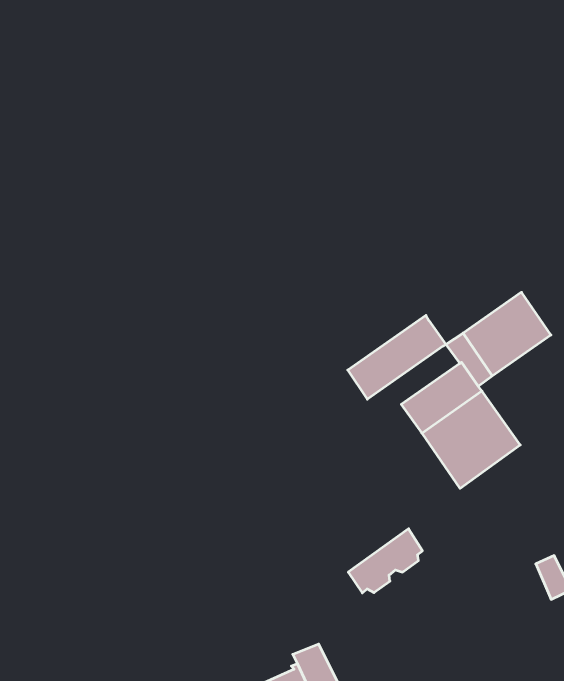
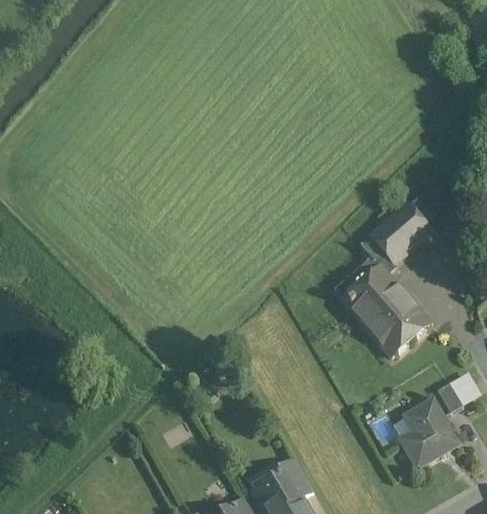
building: [348,315,446,399] -> none
building: [348,529,422,593] -> [379,307,428,354]
building: none -> [400,399,457,465]

